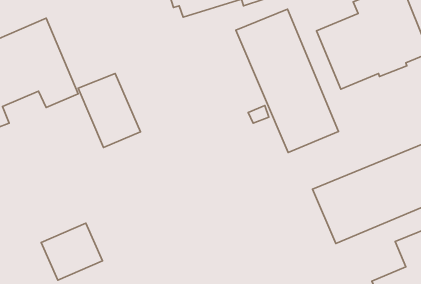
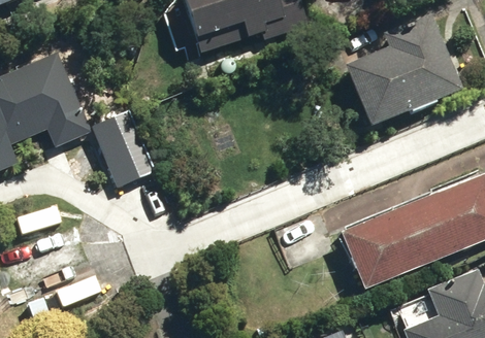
building: [236,9,339,153] -> none

